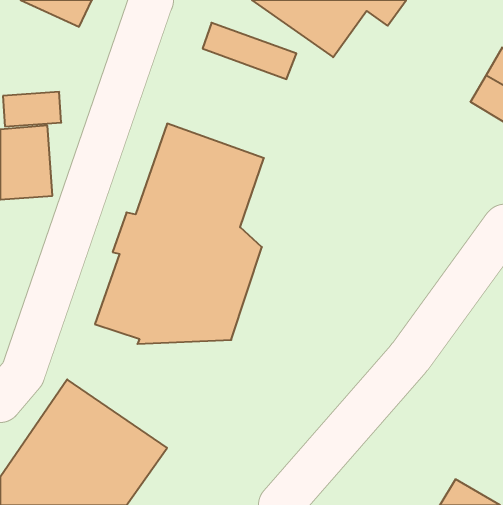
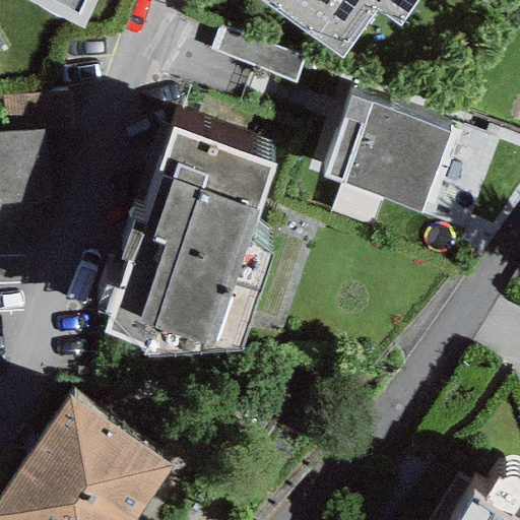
building: none -> [325,99,453,214]

